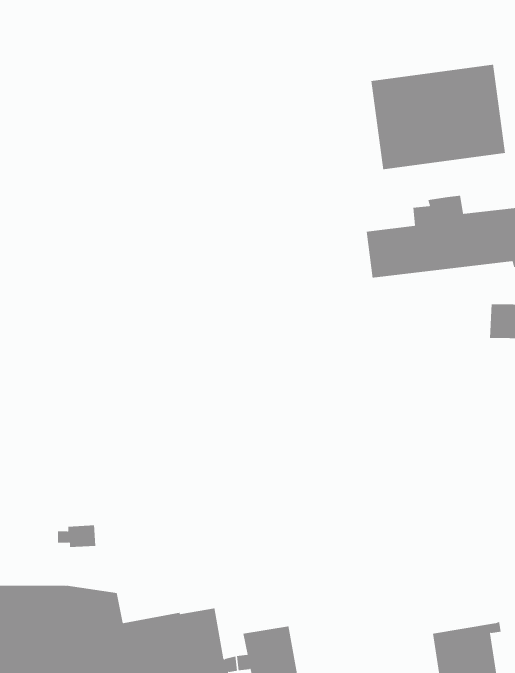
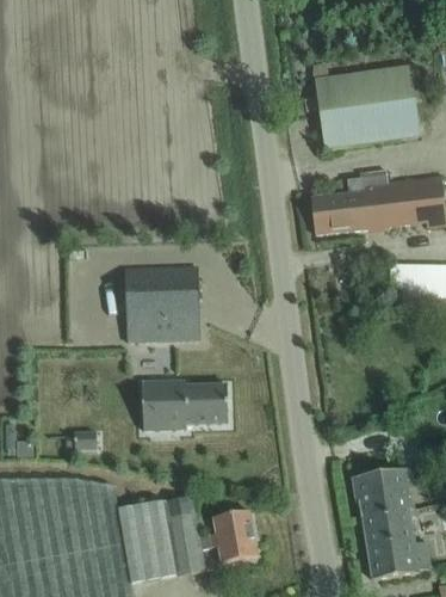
building: none -> [125,267,199,341]
building: none -> [142,381,228,430]
building: none -> [353,468,413,517]

